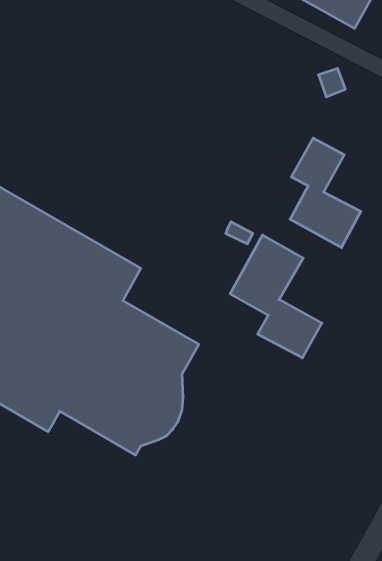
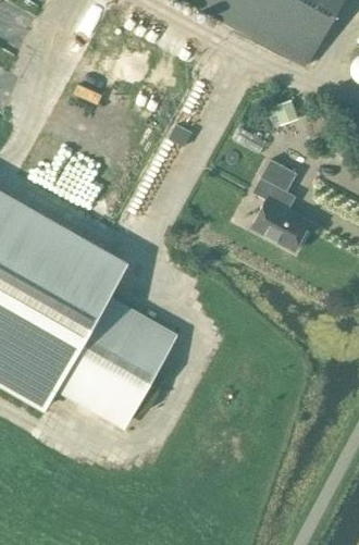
building: [230,235,322,358] -> none

